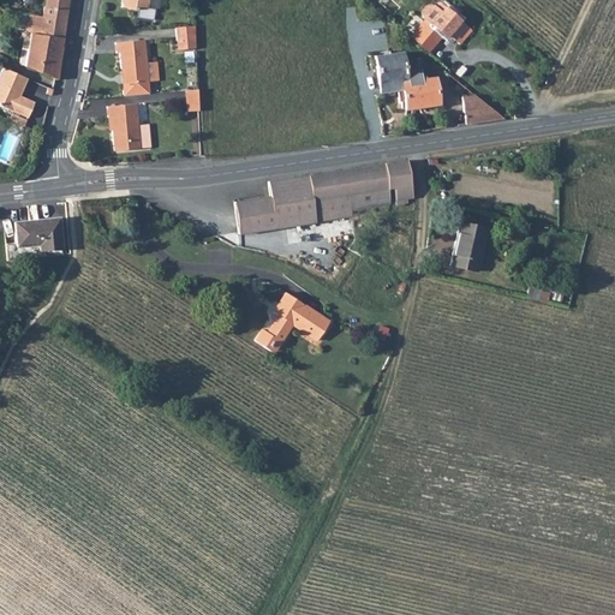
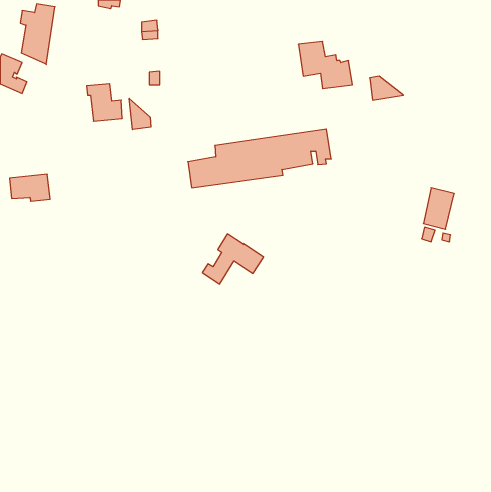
building: [411,5,473,52] -> none
building: [119,41,153,84] -> none
building: none -> [129,98,151,130]
building: [450,221,489,273] -> [423,188,454,229]

